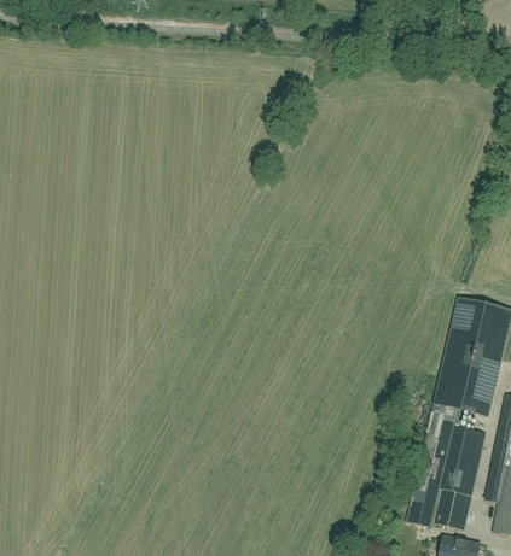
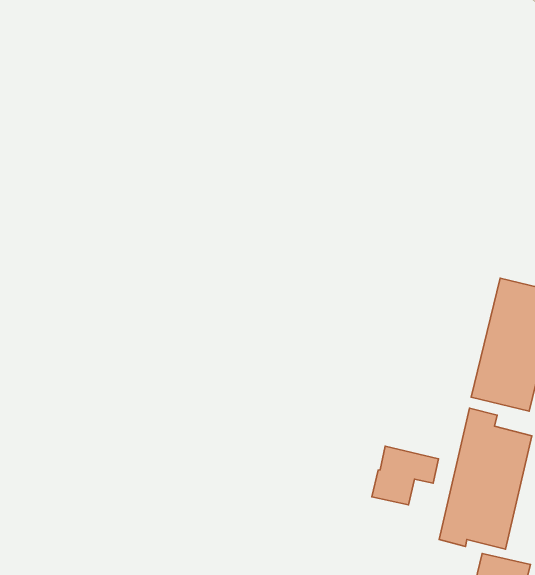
building: none -> [372,446,438,505]

